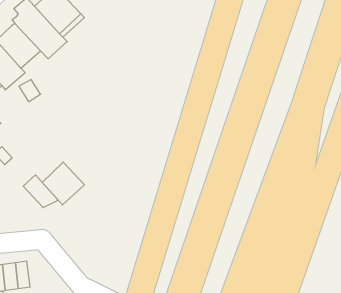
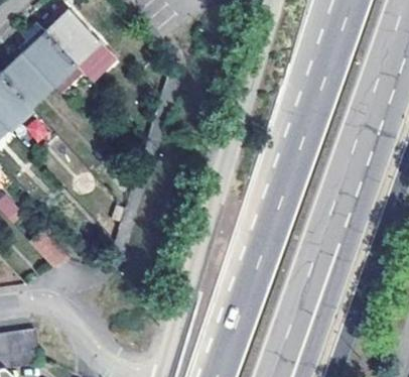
building: [42,162,84,205] -> none

